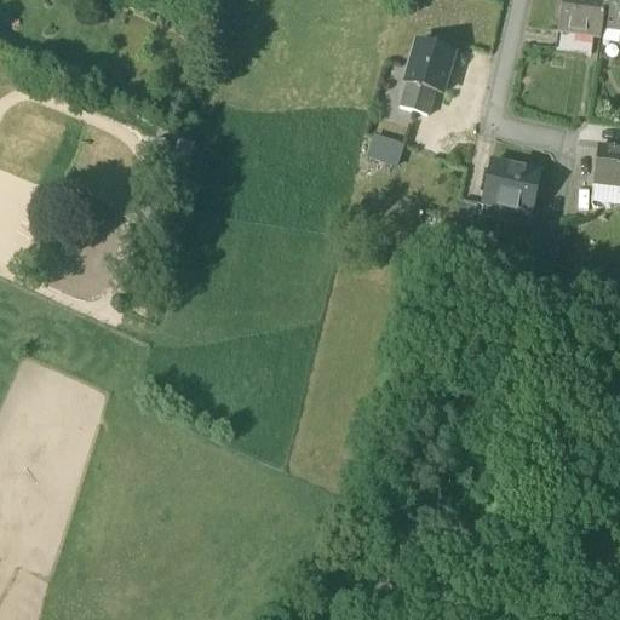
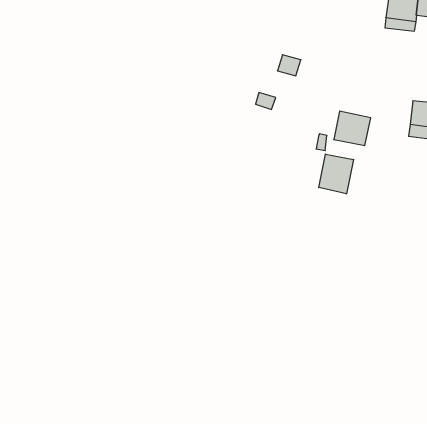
building: [407,36,455,87] -> none
building: none -> [319,154,354,194]

